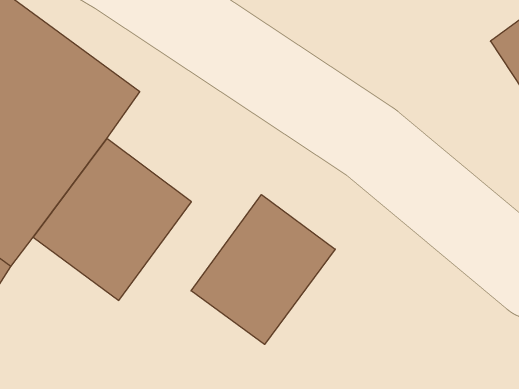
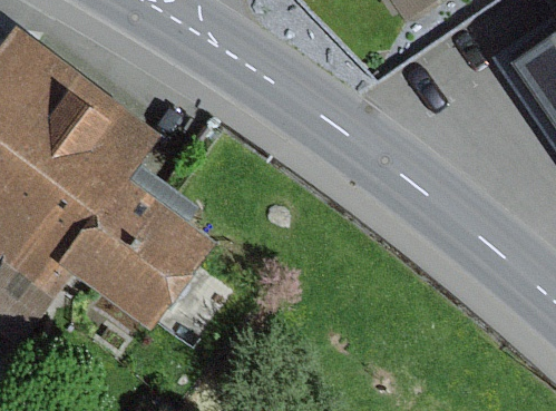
building: [191,195,335,344] -> none

